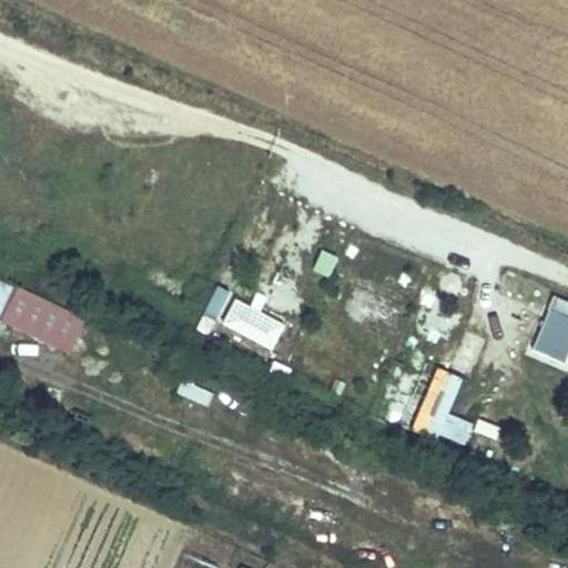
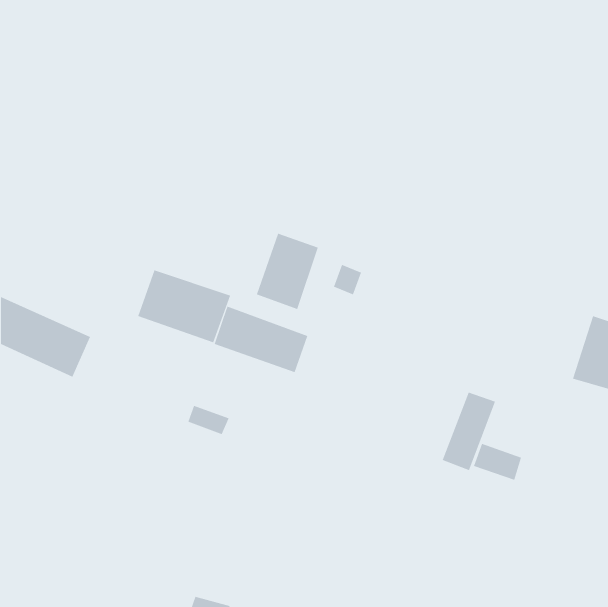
building: none -> [256,233,318,310]
building: none -> [138,269,231,343]

